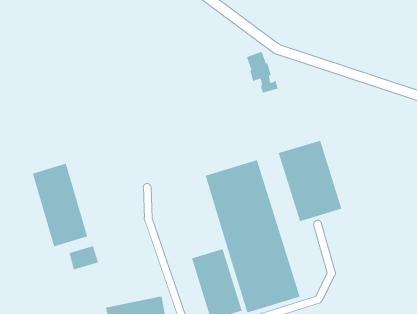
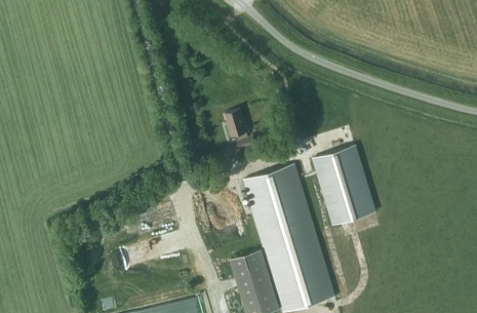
building: [246,51,278,93] -> [224,108,254,148]
building: [32,163,88,247] -> none

